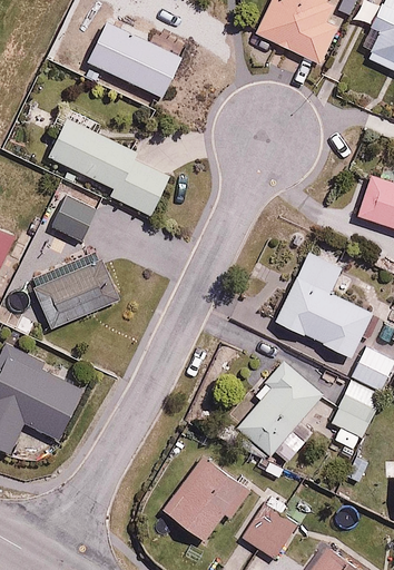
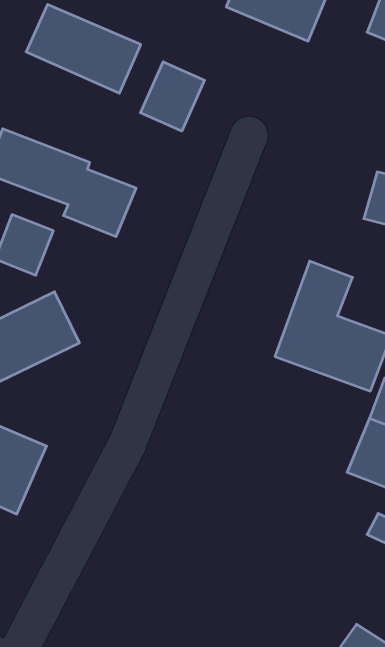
building: none -> [140,62,205,131]
building: [236,360,323,459] -> none
building: [164,456,250,540] -> none
building: [244,505,295,558] -> none

